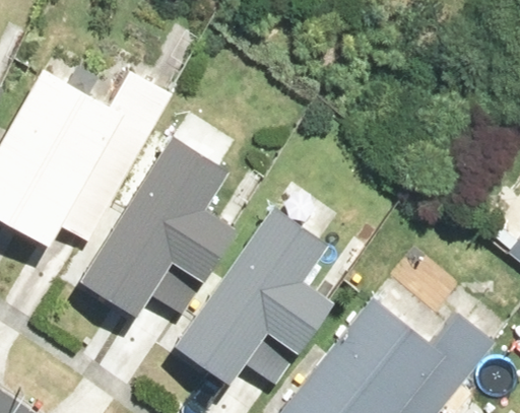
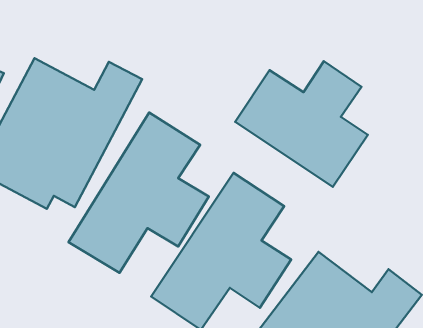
building: none -> [235,61,368,187]

